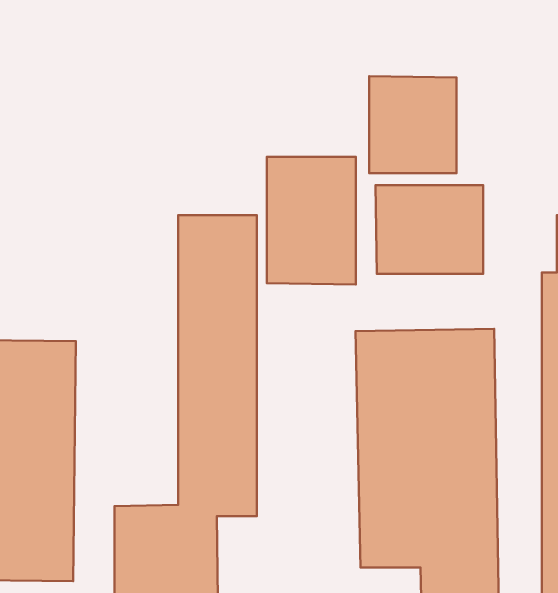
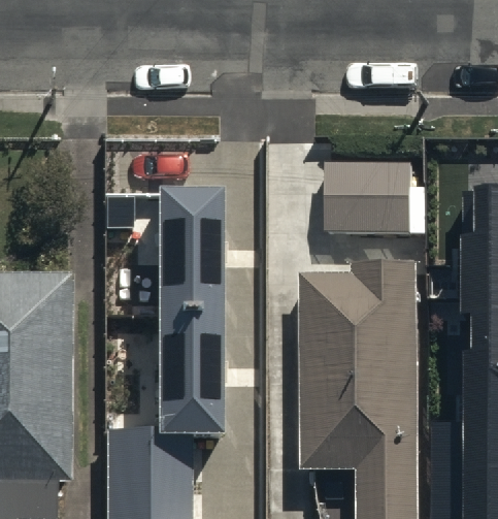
building: [369,76,457,173] -> none
building: [267,157,356,284] -> none

